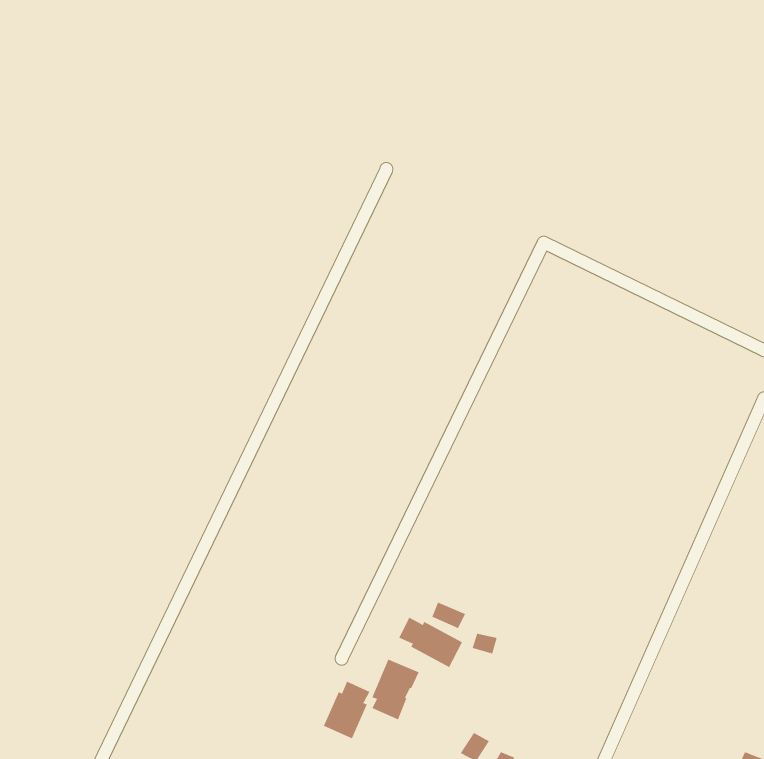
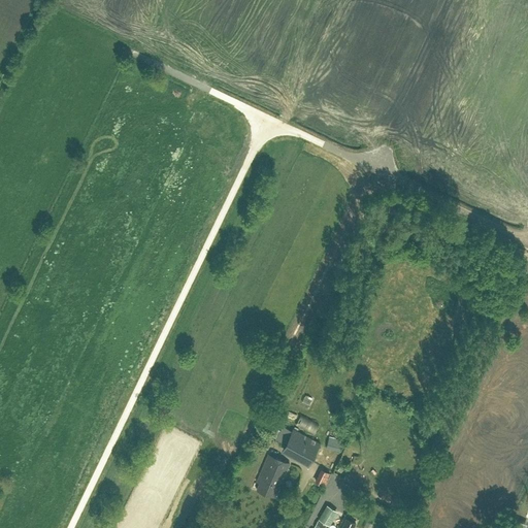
building: [323,681,370,739] -> none

